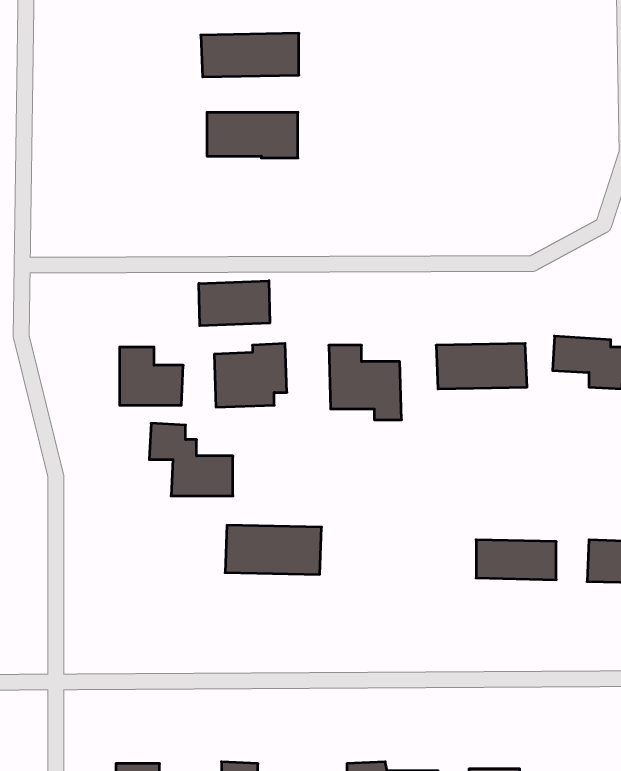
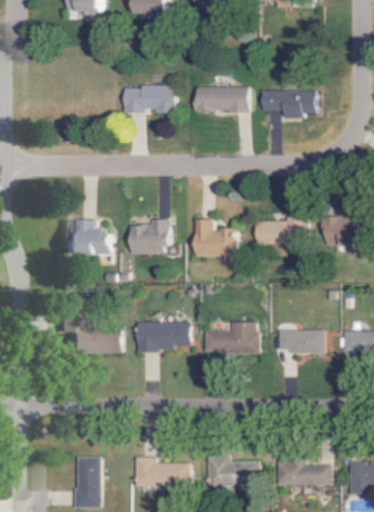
building: [201,33,299,77] -> [193,87,249,112]
building: none -> [261,90,316,116]
building: [199,281,270,326] -> none
building: [149,423,233,496] -> [70,312,118,353]
building: none -> [201,322,255,352]

